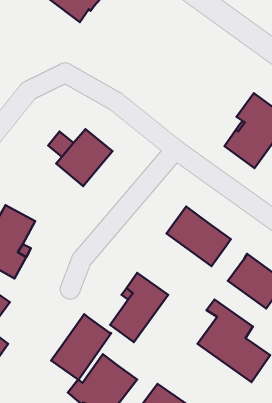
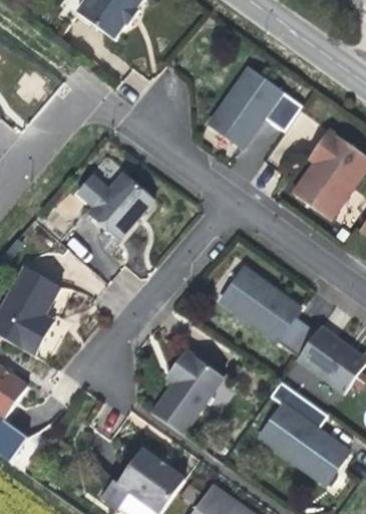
building: none -> [209,67,302,147]
building: none -> [276,315,316,356]
building: [51,314,111,380] -> none

